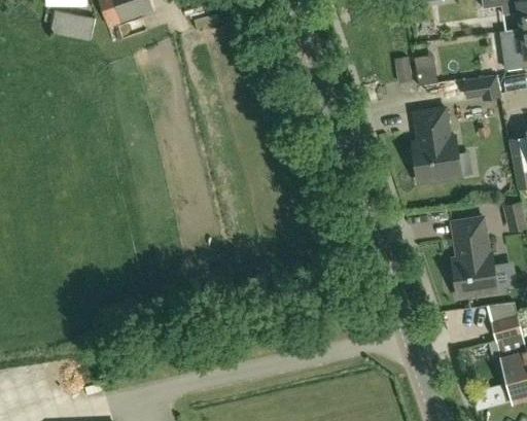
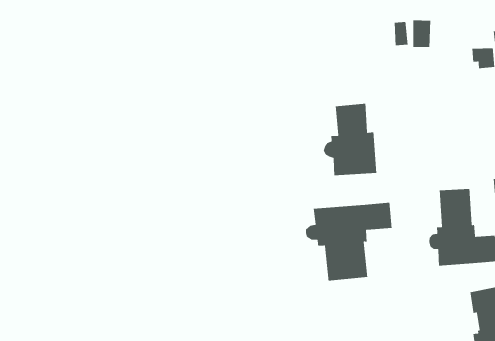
building: [406,107,461,182] -> [323,103,377,176]
building: none -> [305,202,393,282]

